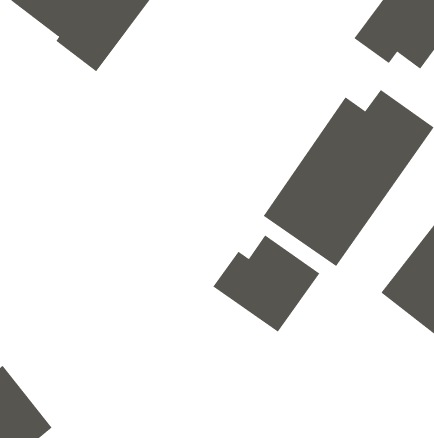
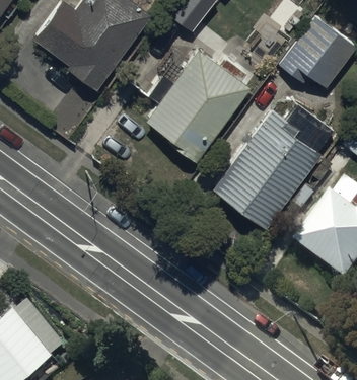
building: none -> [144,46,249,160]
building: [213,235,320,333] -> none

